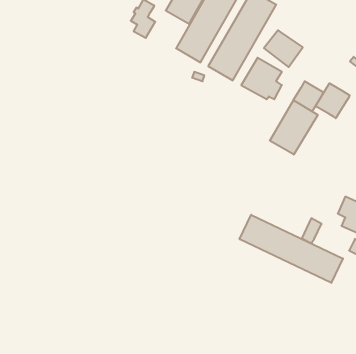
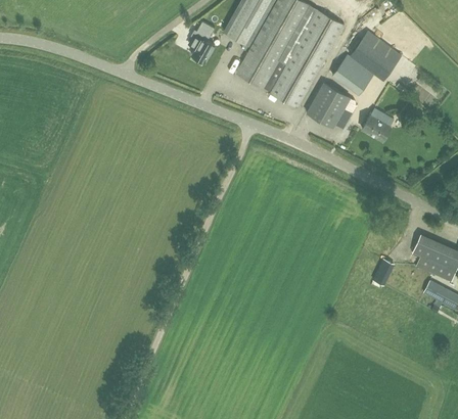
building: none -> [350,29,399,77]
building: [316,83,350,118] -> none
building: [270,100,318,155] -> none
building: [240,215,343,283] -> none

